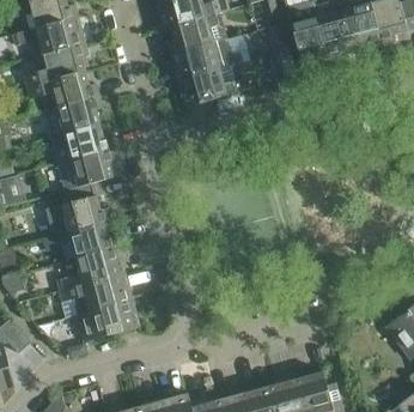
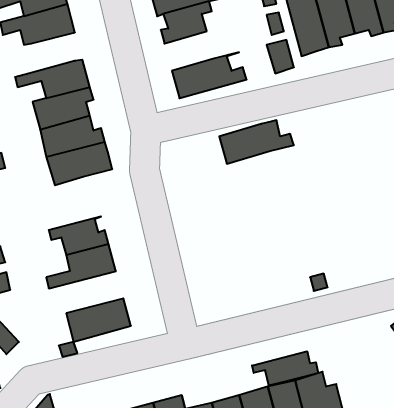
building: [171,38,243,80] -> [219,120,294,164]
building: [24,43,89,86] -> none
building: [43,182,110,235] -> none
building: [60,273,132,314] -> none
building: none -> [252,351,318,385]

